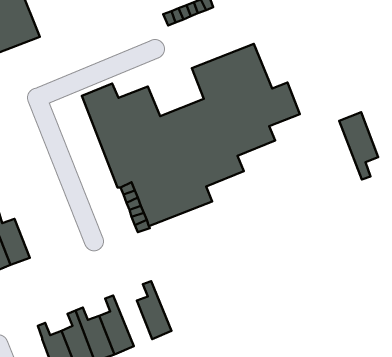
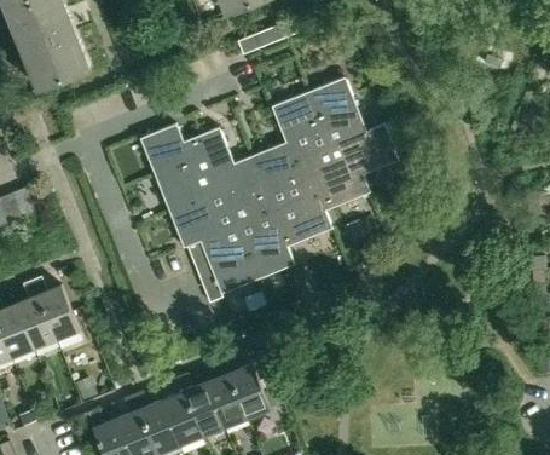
building: [339,112,378,179] -> none
building: none -> [222,356,270,419]
building: none -> [178,373,224,437]

